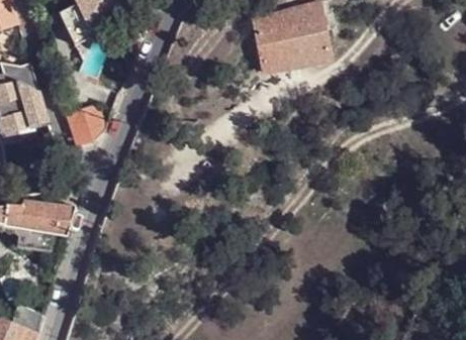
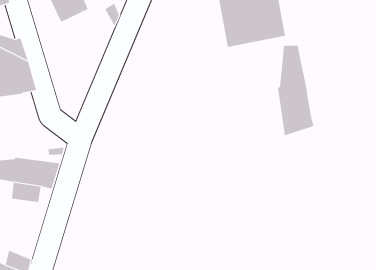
building: none -> [277,45,314,136]
building: [63,104,104,148] -> none

